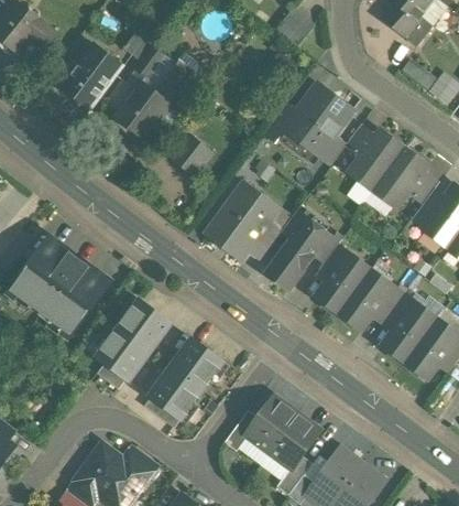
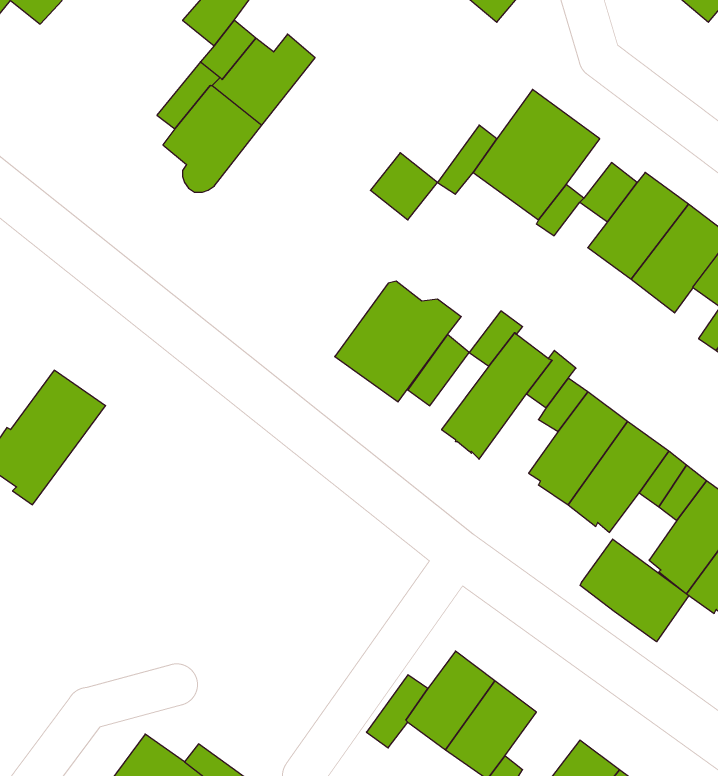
building: [58,42,118,107] -> none
building: [174,137,211,174] -> [370,153,438,220]
building: [40,260,108,334] -> none
building: [98,300,172,380] -> none
building: none -> [580,539,689,642]
building: [151,338,225,419] -> none

